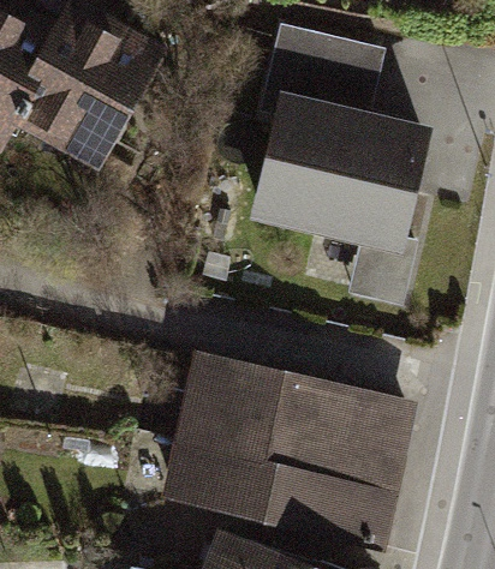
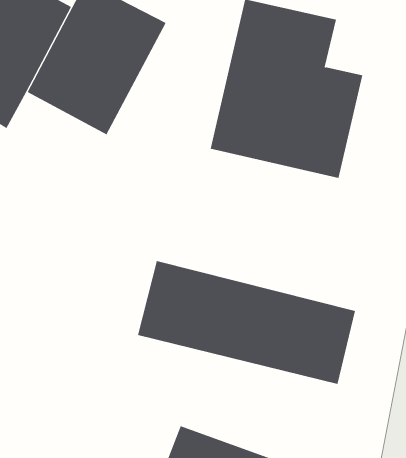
building: [151,427,398,555] -> none

